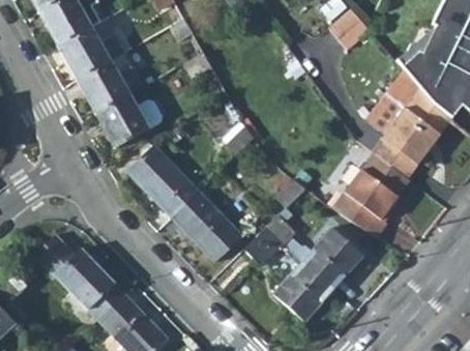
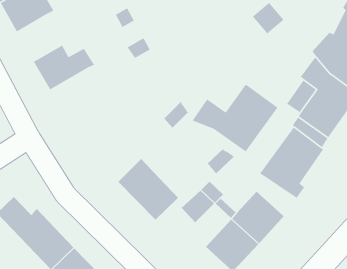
building: [57,26,124,79] -> none
building: [95,86,159,146] -> none
building: none -> [191,84,279,153]
building: [128,143,200,216] -> none

